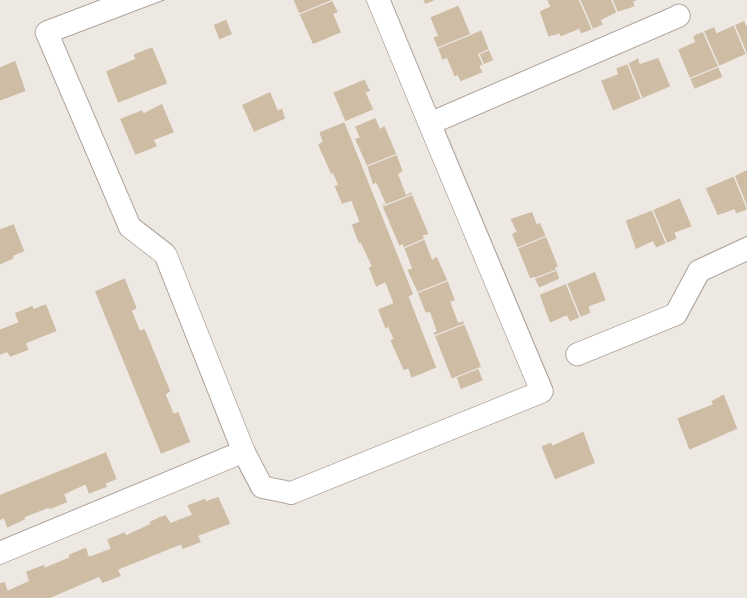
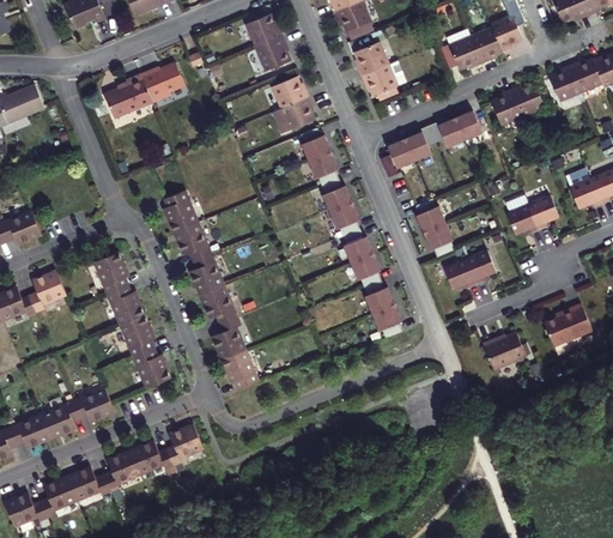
building: [241,91,286,133] -> [272,78,306,110]
building: none -> [392,111,485,170]
building: [119,103,175,156] -> [141,62,184,103]
building: [317,121,437,378] -> [165,192,259,392]
building: [677,393,738,450] -> [539,306,587,350]
building: [541,431,596,480] -> [479,334,522,373]

